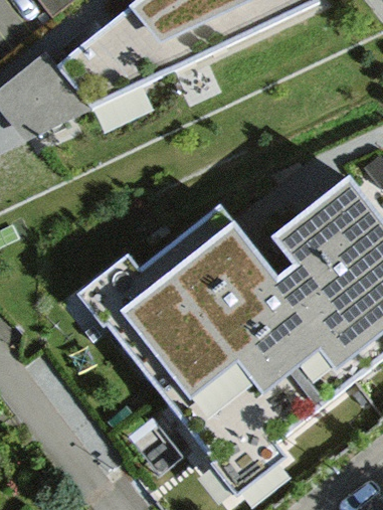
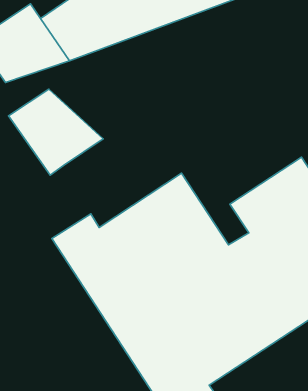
building: none -> [9,89,103,175]

